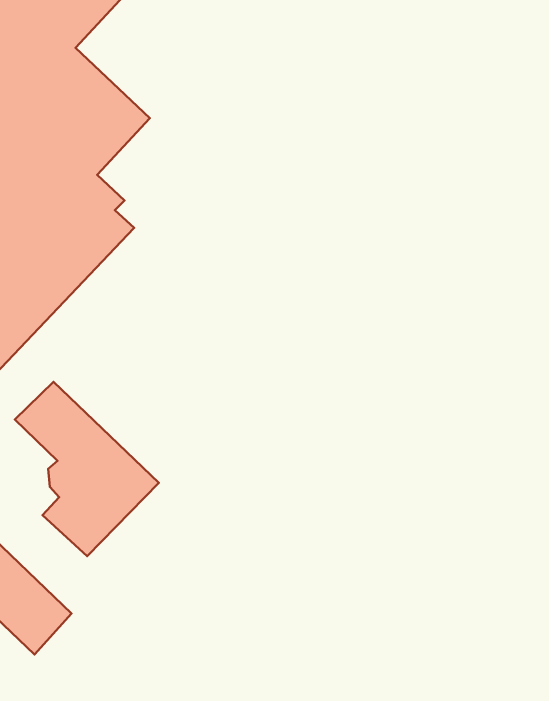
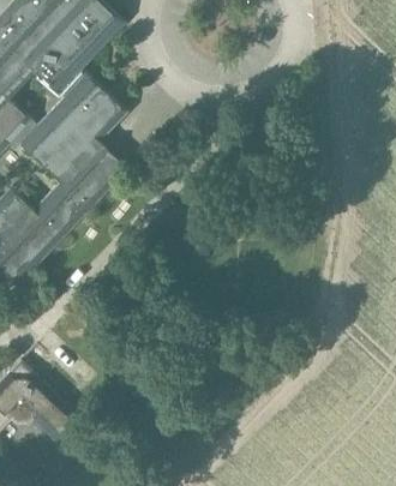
building: [15,382,159,556] -> none

